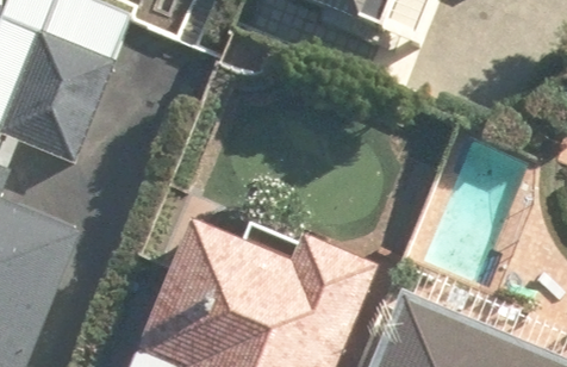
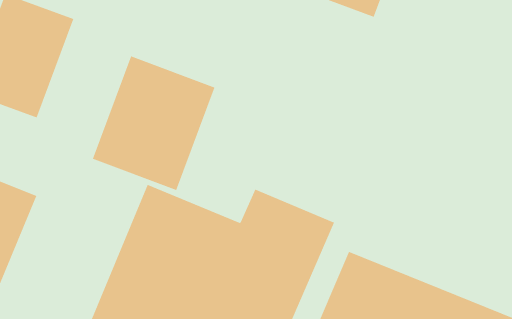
building: none -> [92,55,215,191]

